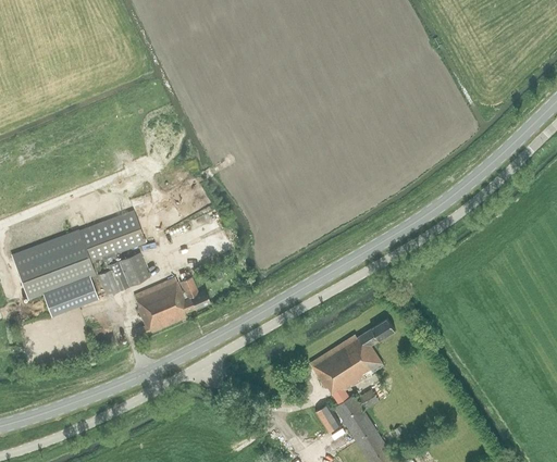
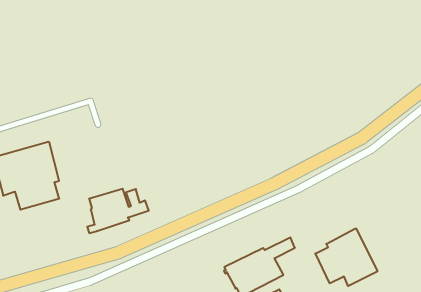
building: [78,211,145,296] -> none
building: none -> [315,229,377,286]

